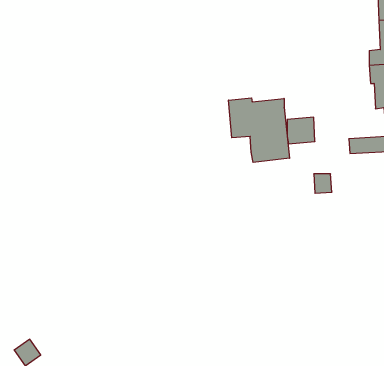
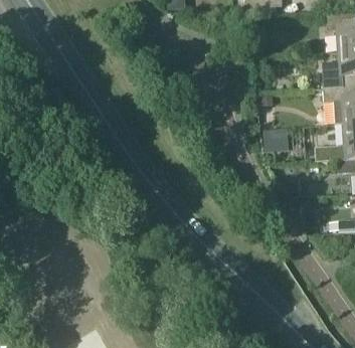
building: [229,98,290,162] -> none

